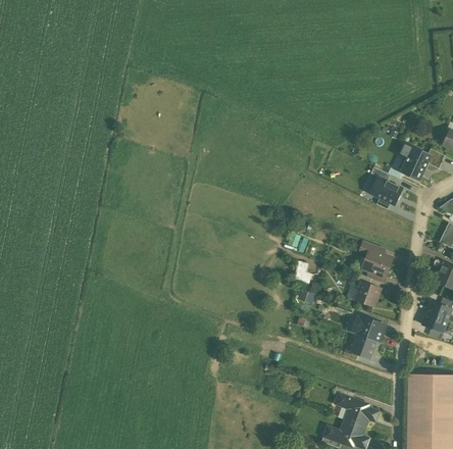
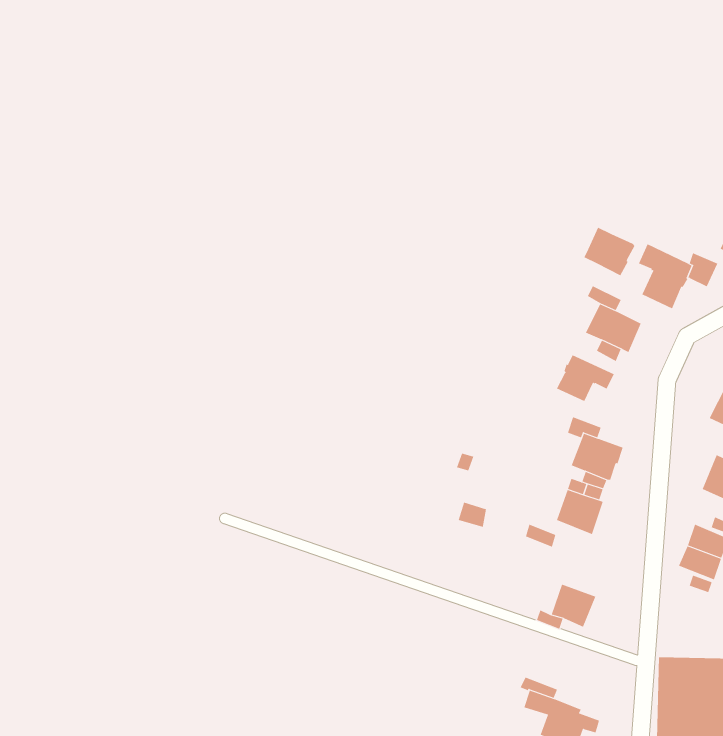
building: none -> [583,227,635,276]
building: none -> [556,355,614,402]
building: [351,315,386,342] -> none

